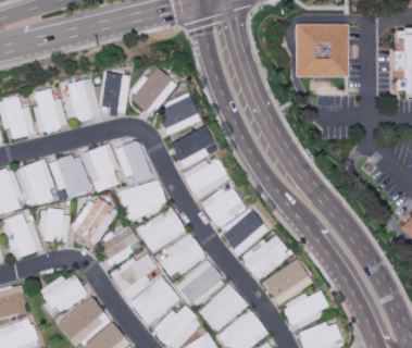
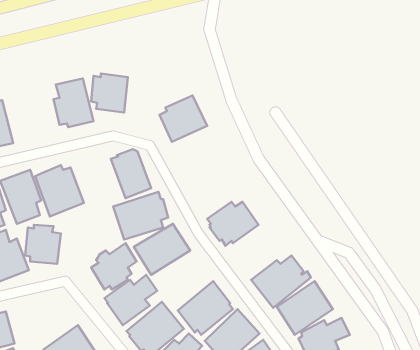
building: [296,24,347,76] -> none
building: [130,67,177,116] -> none
building: [32,87,67,134] -> none
building: [170,122,220,167] -> none
building: [82,142,118,192] -> none
building: [183,159,230,199] -> none
building: [72,197,114,245] -> none
building: [219,208,269,257] -> none
building: [159,233,207,276] -> none
building: [40,269,88,312] -> none

